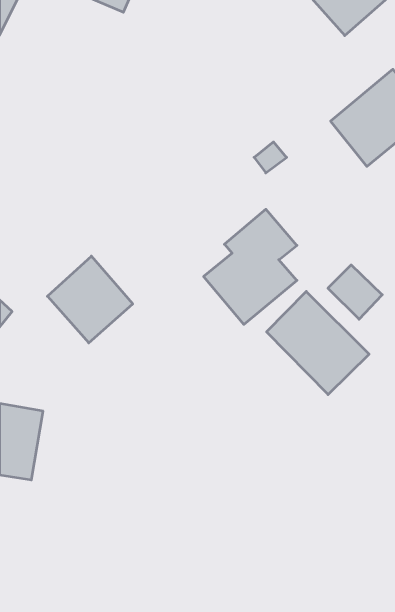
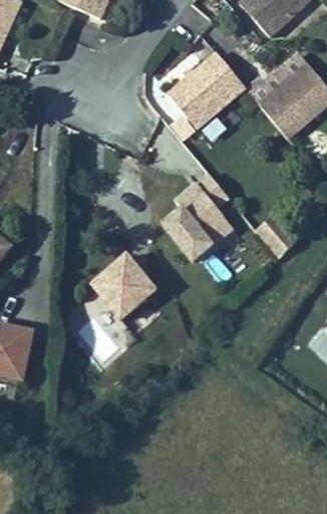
building: none -> [166,53,244,128]
building: [47,256,133,343] -> [89,255,155,322]
building: [267,291,369,395] -> none

